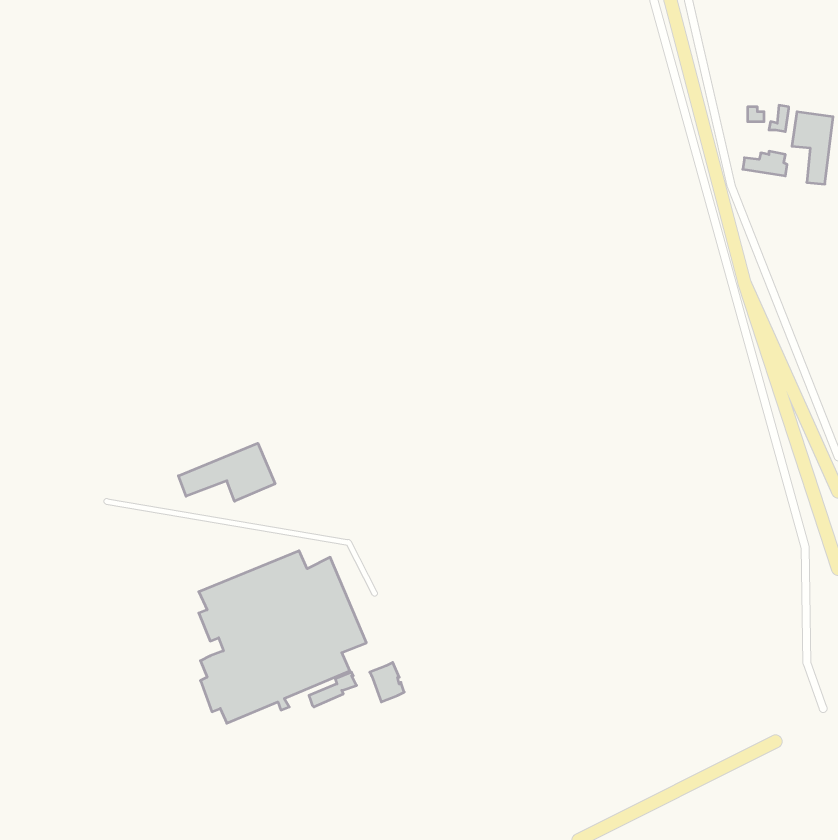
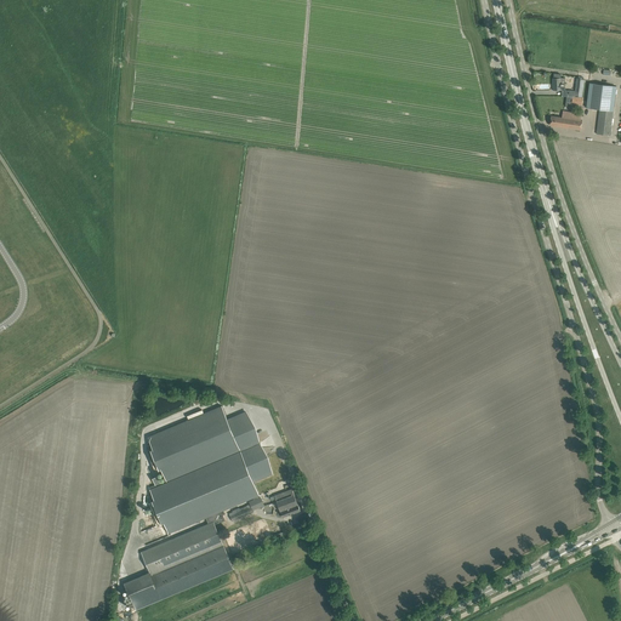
building: [178,443,275,501] -> none
building: none -> [123,522,233,610]

